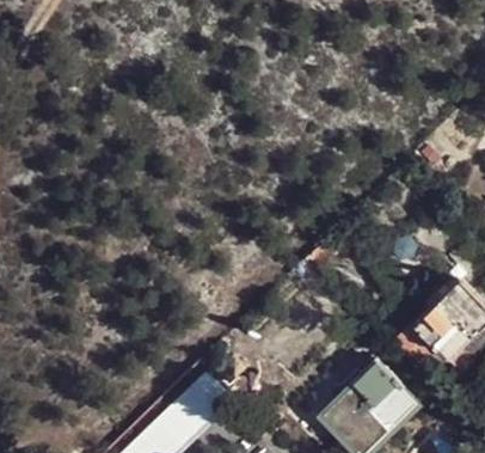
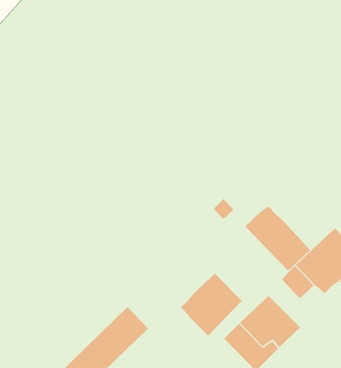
building: none -> [244,205,311,271]
building: none -> [180,273,243,336]

